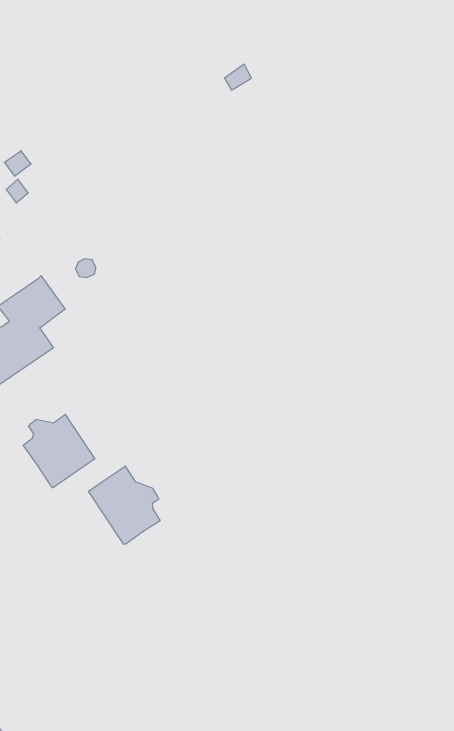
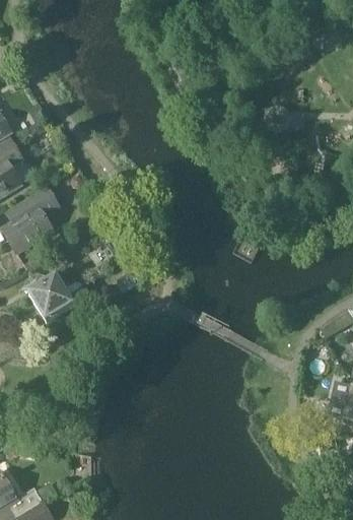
building: [88,466,160,544] -> none

